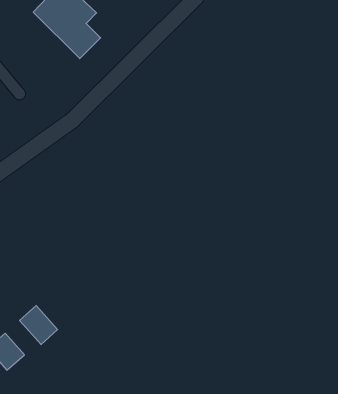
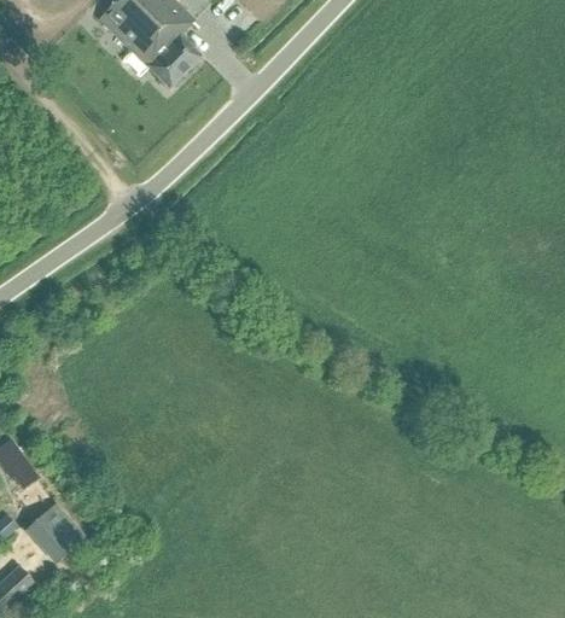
building: [20,306,58,345] -> none

